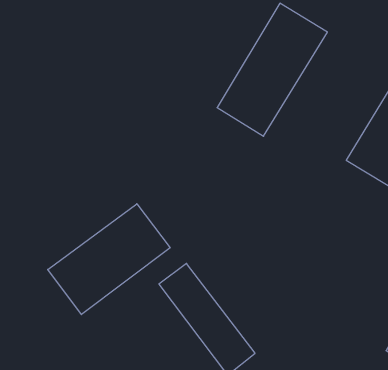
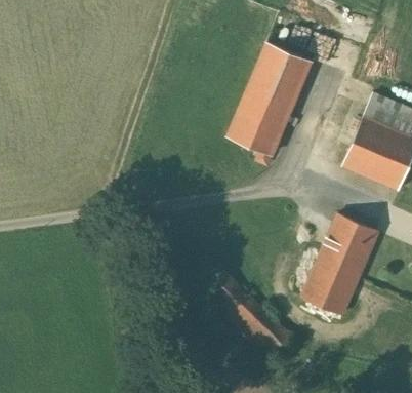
building: [48,204,170,315] -> none
building: none -> [302,213,377,313]

